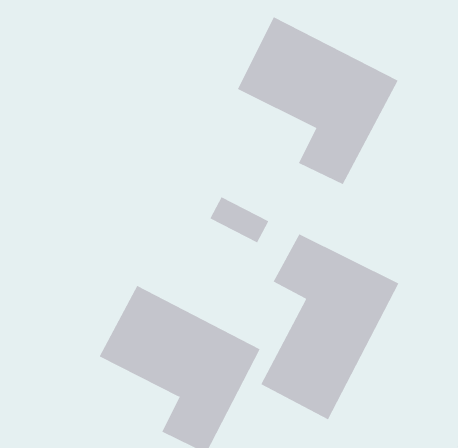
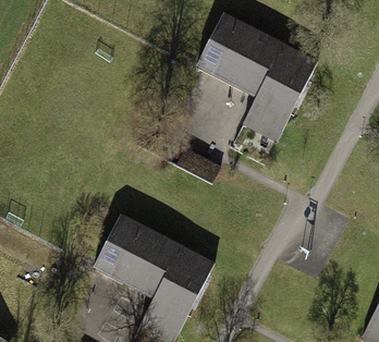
building: [261,233,399,420] -> none

